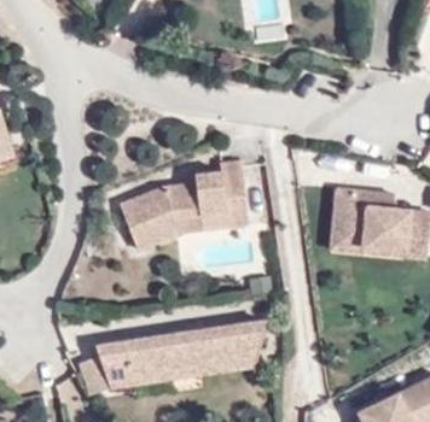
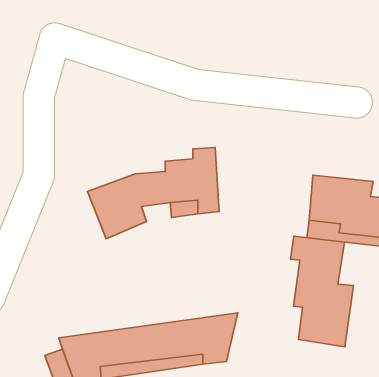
building: none -> [291,236,354,347]

